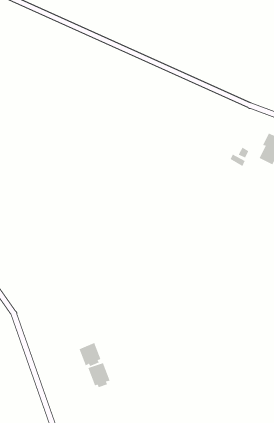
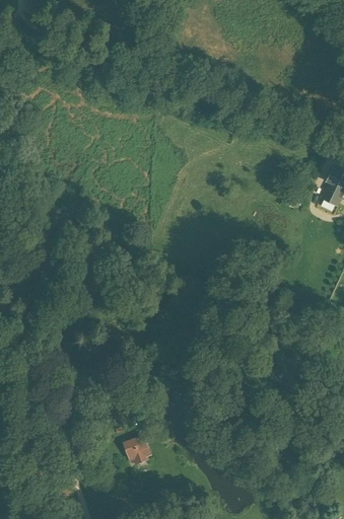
building: [79,342,101,367] -> none

